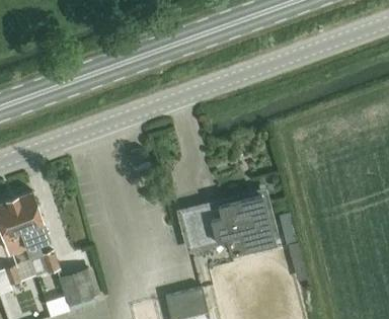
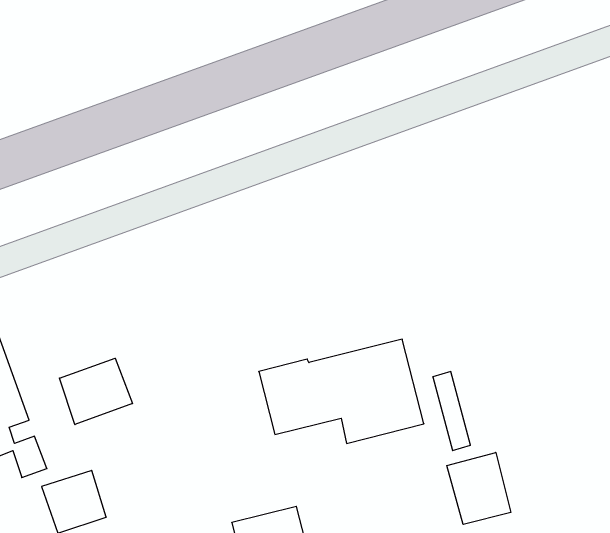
building: none -> [59,358,132,425]
building: none -> [447,452,511,524]

